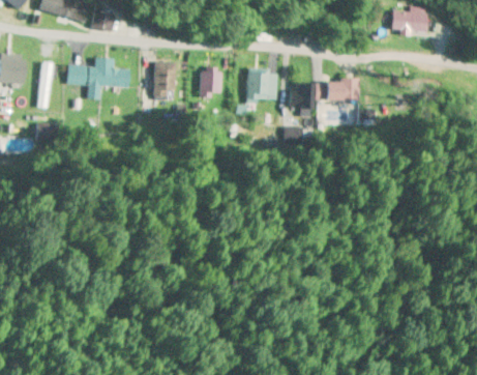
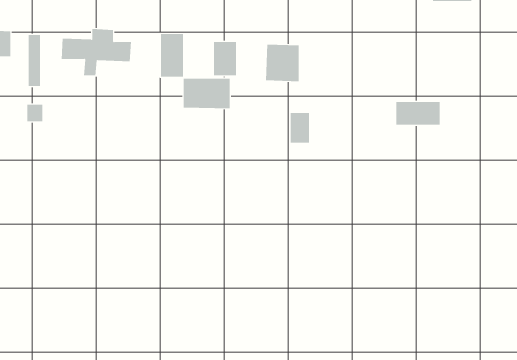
building: [319,79,358,99] -> [395,101,440,125]
building: [292,81,309,108] -> [290,113,310,143]
building: none -> [183,78,230,109]

